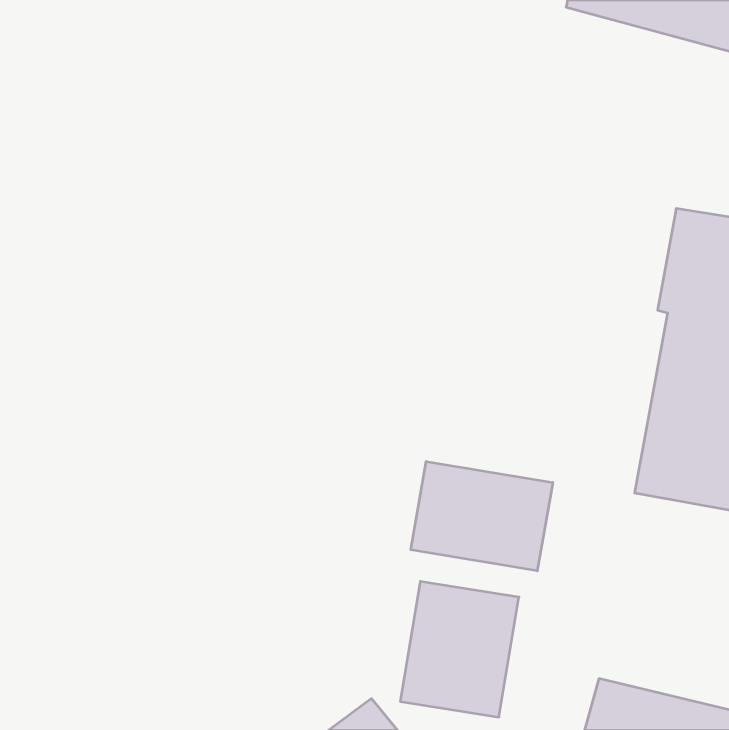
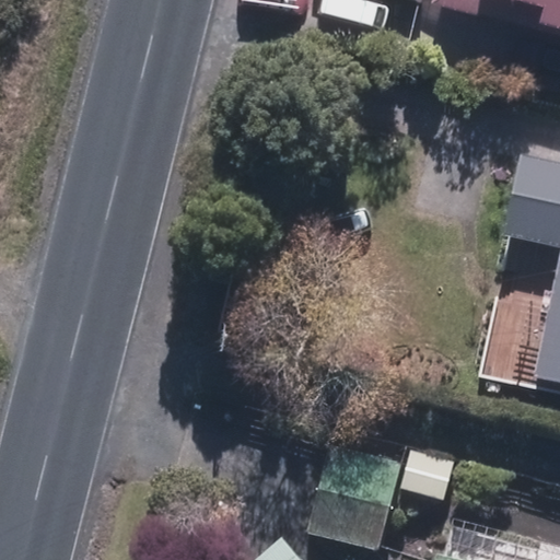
building: [411,461,553,571] -> none

